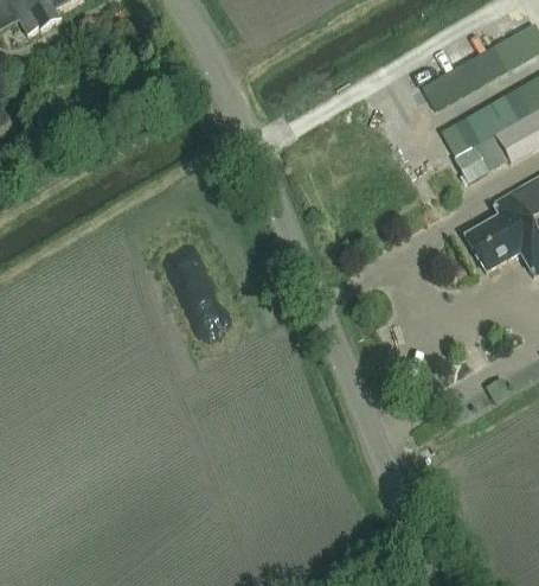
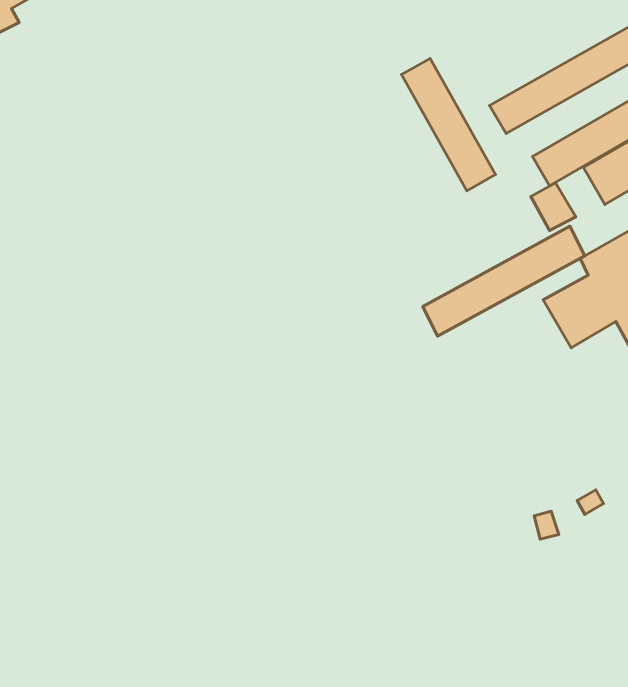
building: none -> [401,58,496,191]
building: none -> [423,226,585,336]

